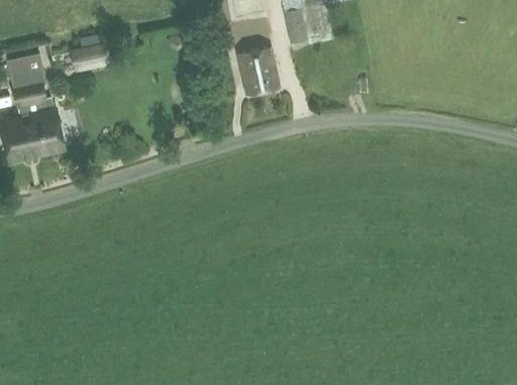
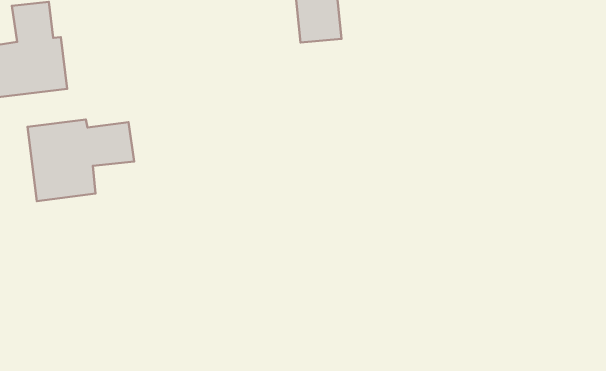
building: none -> [27,119,134,201]

